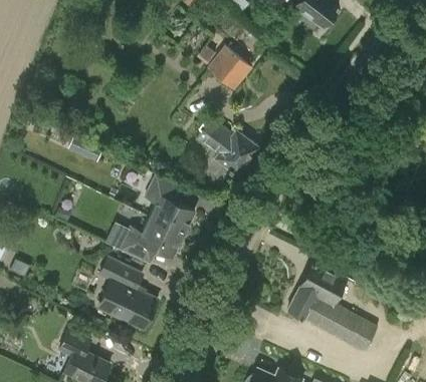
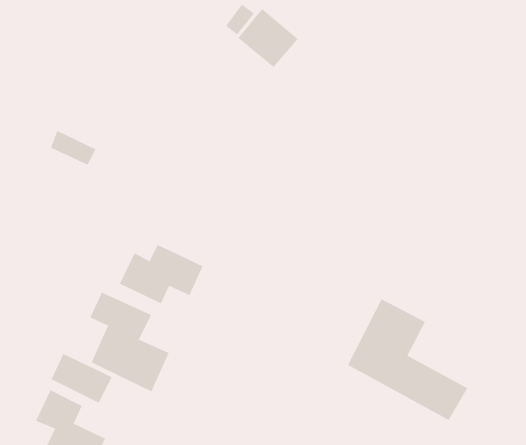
building: [197,119,258,175] -> none
building: [144,174,195,237] -> none
building: none -> [51,353,112,403]

